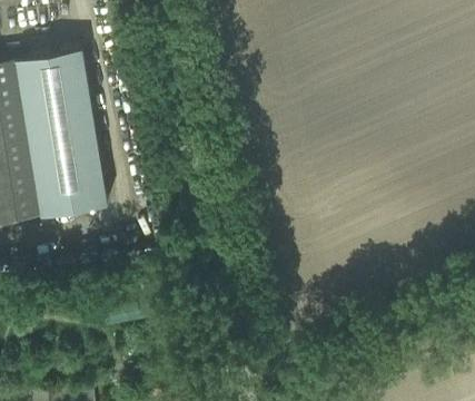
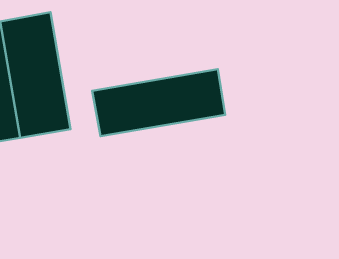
building: none -> [92,69,225,136]

